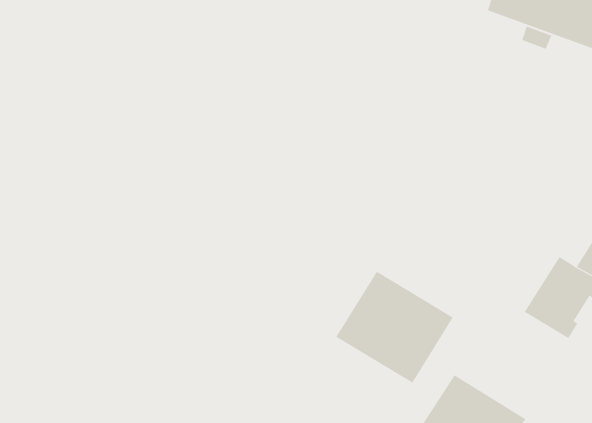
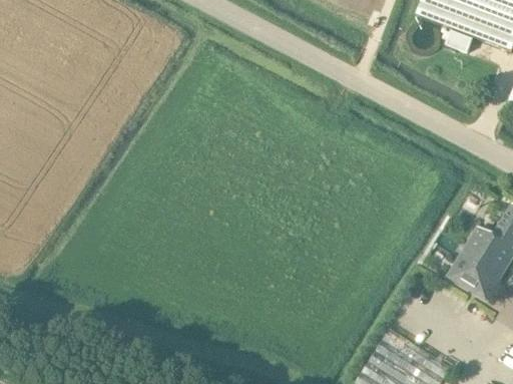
building: [336,271,454,384] -> none

